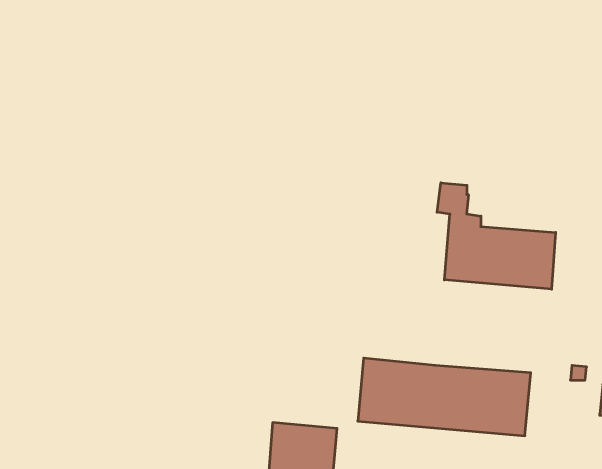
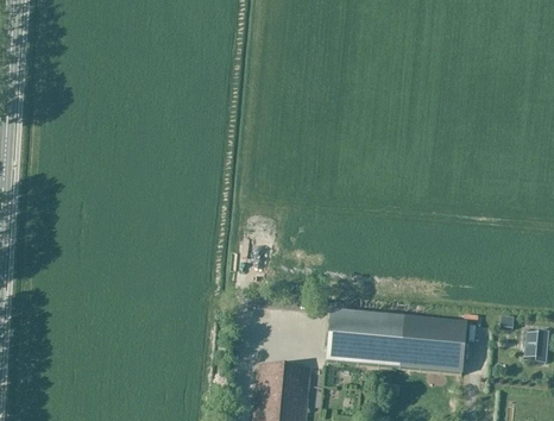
building: [437,183,556,289] -> none

